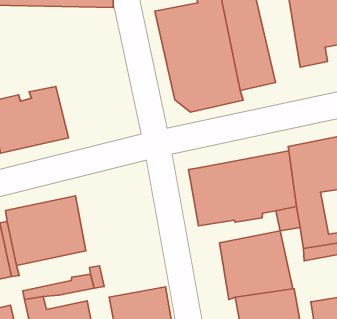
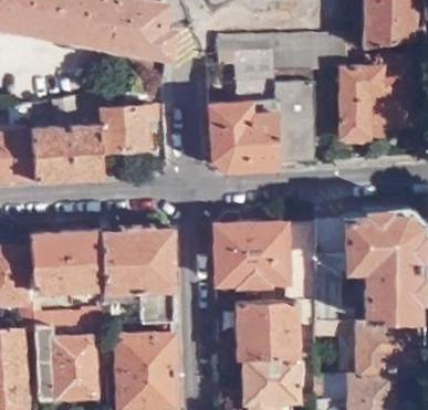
building: none -> [102,107,156,151]
building: none -> [102,231,175,327]

